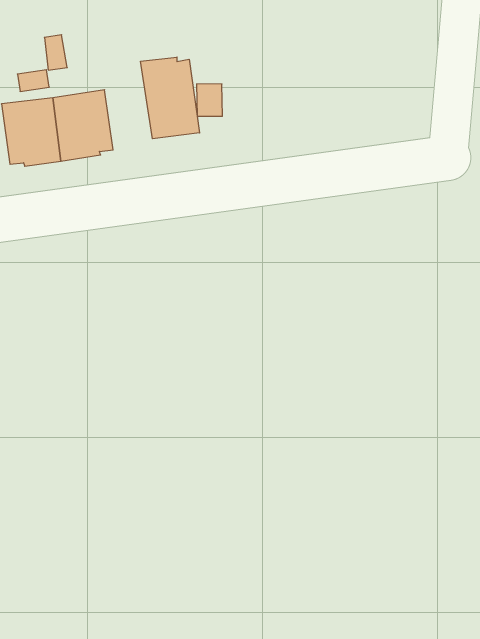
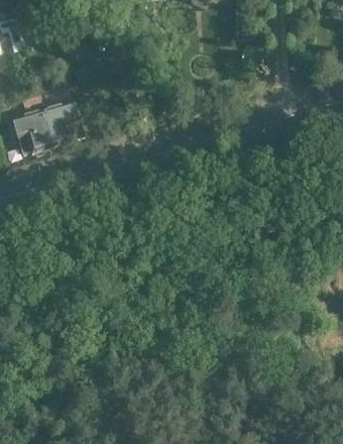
building: [141,57,200,139] -> none

